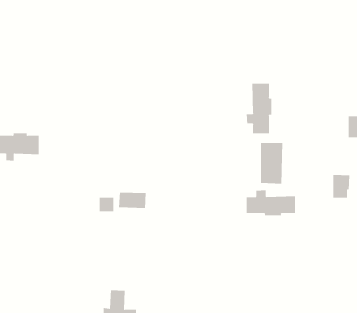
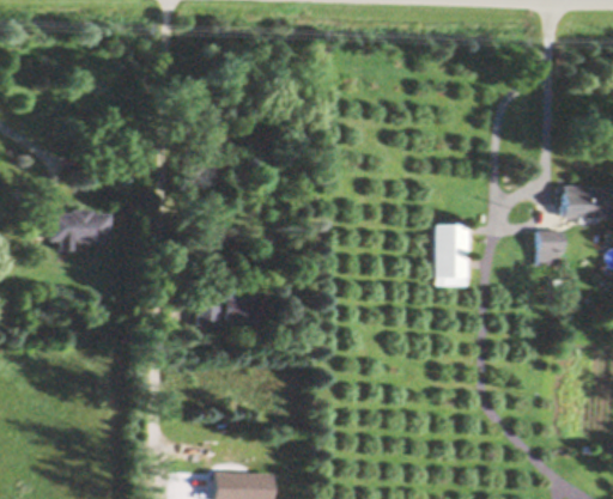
building: [246,83,272,134] -> none
building: [332,174,350,198] -> [539,230,565,264]
building: [246,190,296,216] -> none

